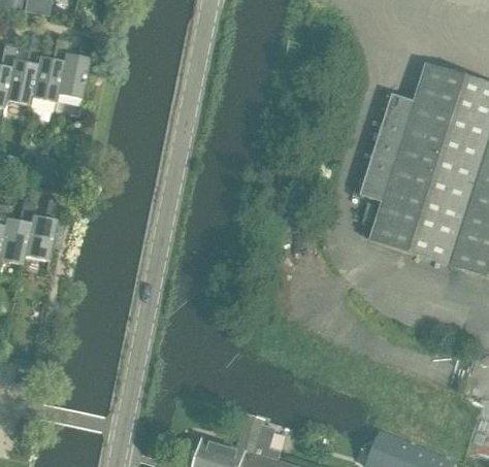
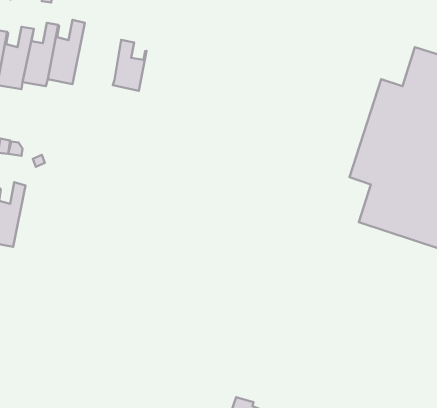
building: none -> [113,40,147,91]
building: [22,197,61,264] -> none

